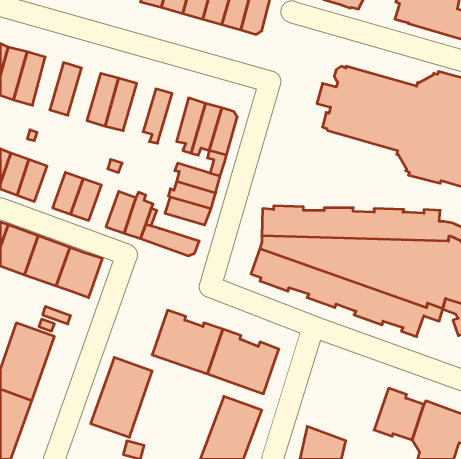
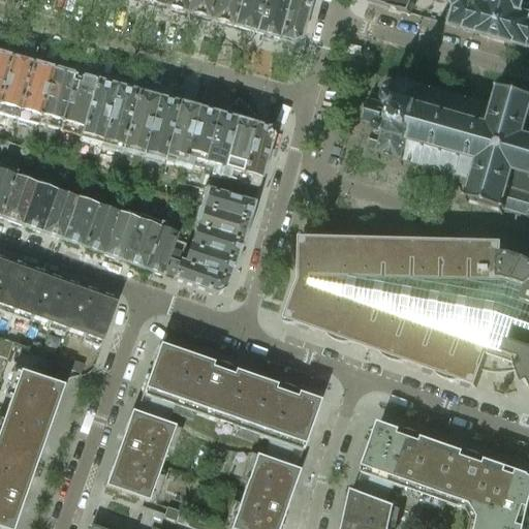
building: none -> [39,65,74,125]
building: none -> [80,77,117,137]
building: none -> [143,95,180,155]
building: none -> [182,106,217,166]
building: none -> [41,189,76,237]
building: none -> [103,211,137,258]
building: none -> [184,243,236,275]
building: none -> [143,341,193,404]
building: none -> [363,419,445,490]

